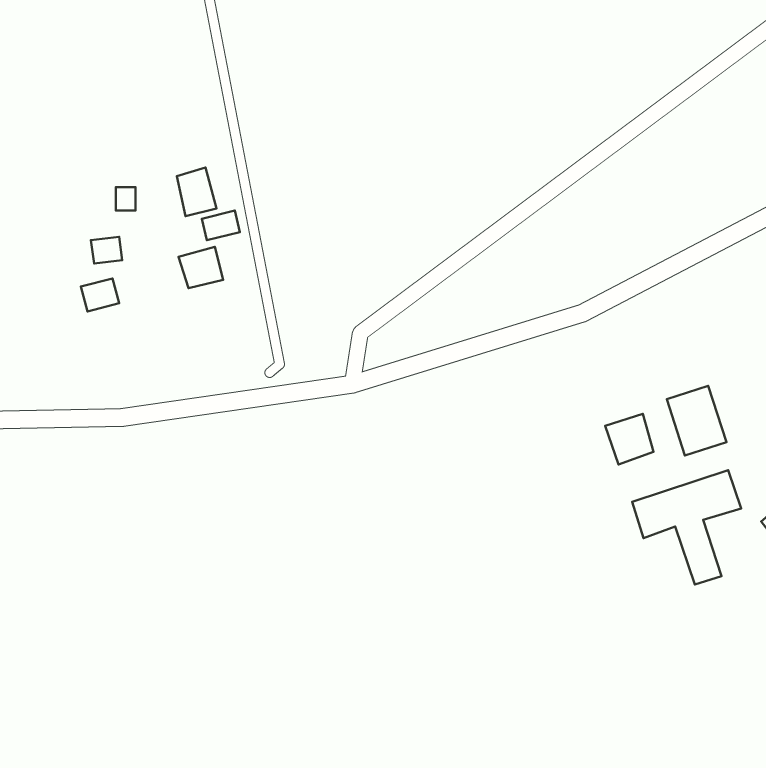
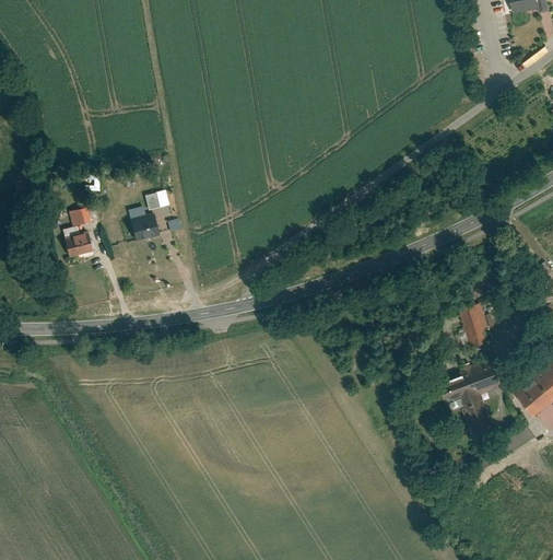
building: [177,167,216,216] -> none
building: [605,414,654,465] -> none

